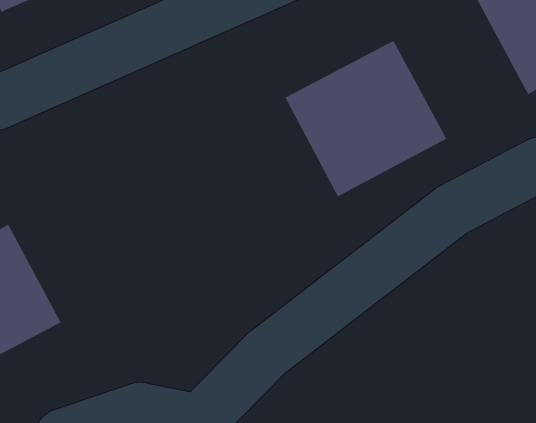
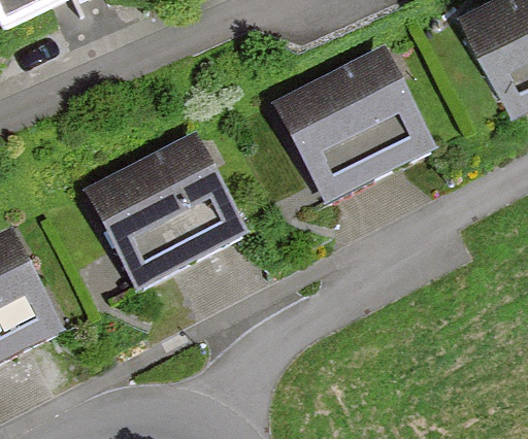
building: none -> [89,132,246,284]

